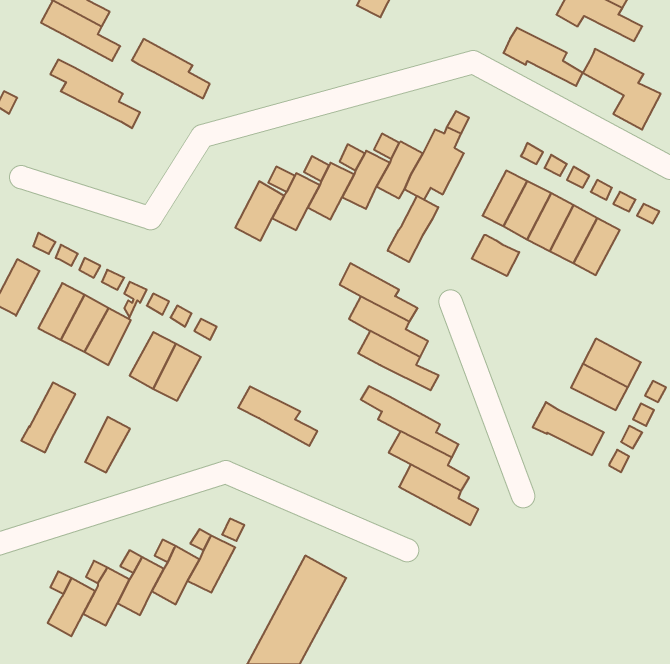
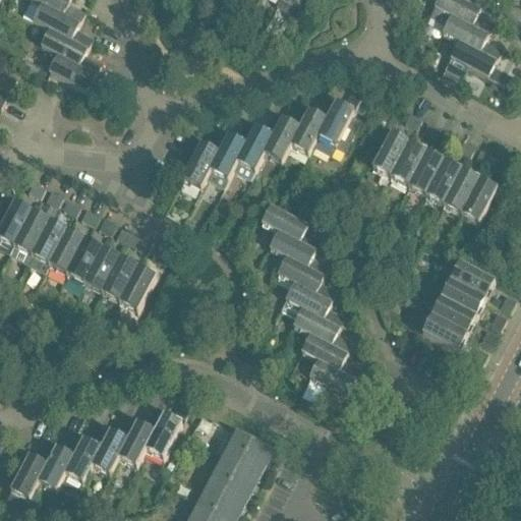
building: [503,28,583,86] -> [440,12,501,57]
building: [132,39,210,98] -> [40,26,100,72]
building: [388,196,438,262] -> none
building: none -> [459,177,496,222]
building: [472,235,519,276] -> none
building: [21,382,75,452] -> [6,209,48,263]
building: [238,386,317,446] -> [284,281,345,327]
building: none -> [430,298,474,333]
building: [85,417,130,472] -> [83,246,118,289]
building: none -> [5,453,46,507]

